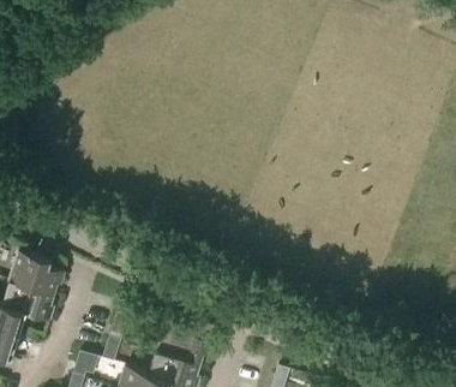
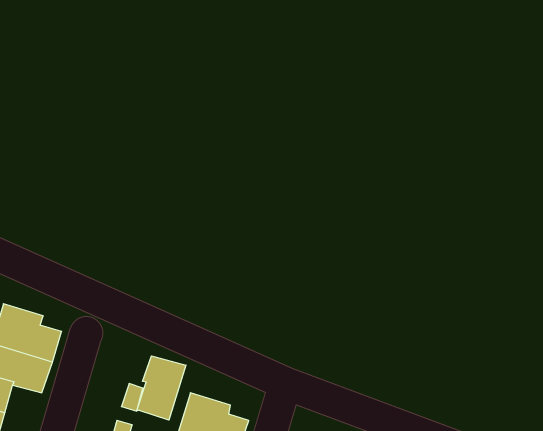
building: none -> [137,356,186,420]

